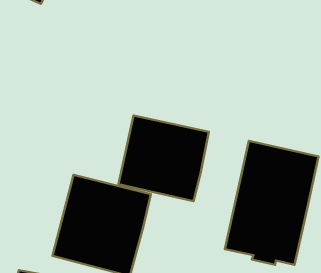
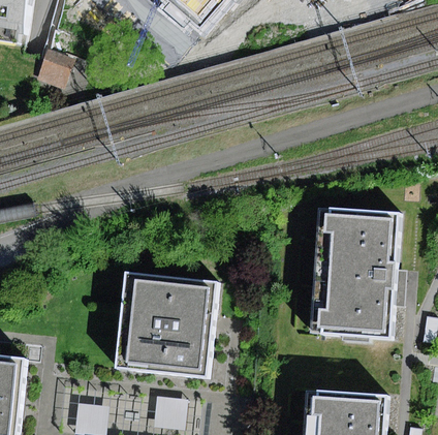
building: [118,115,209,201] -> none

